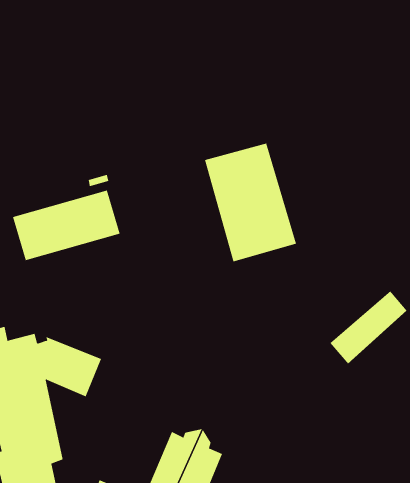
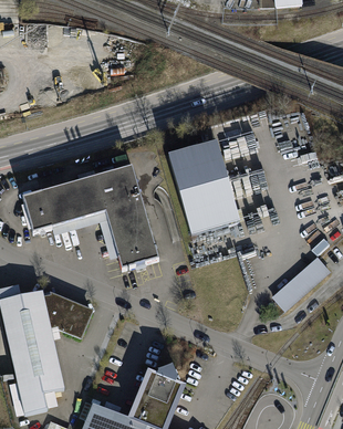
building: none -> [95,166,158,270]

